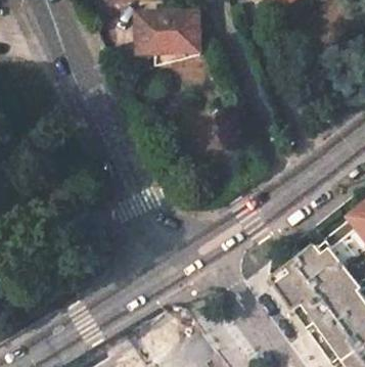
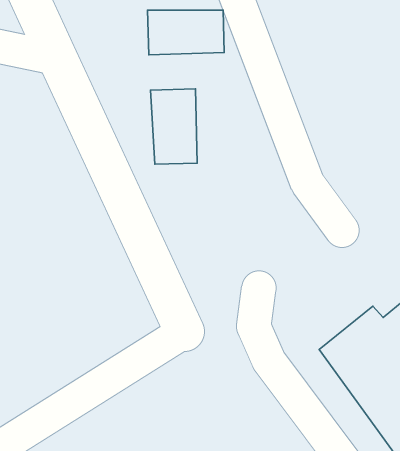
building: none -> [151,89,197,164]

